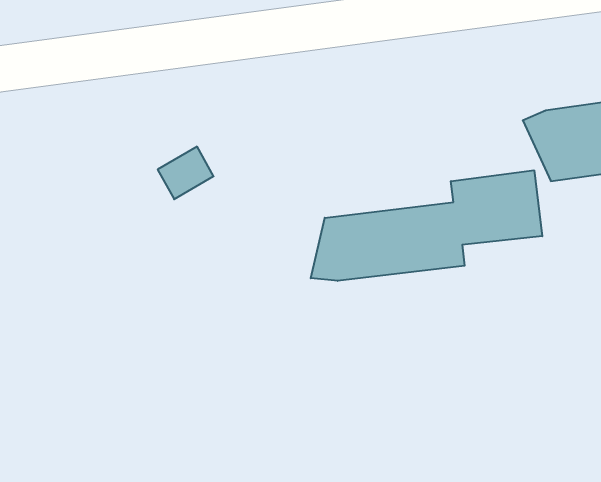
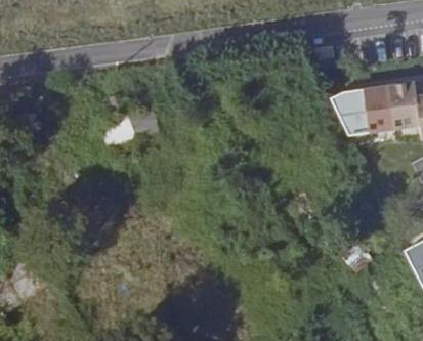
building: [311,170,542,281] -> none

